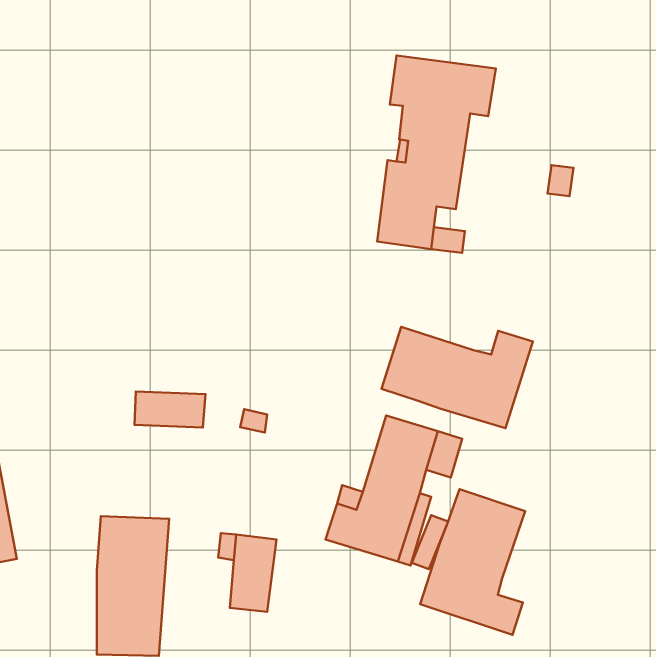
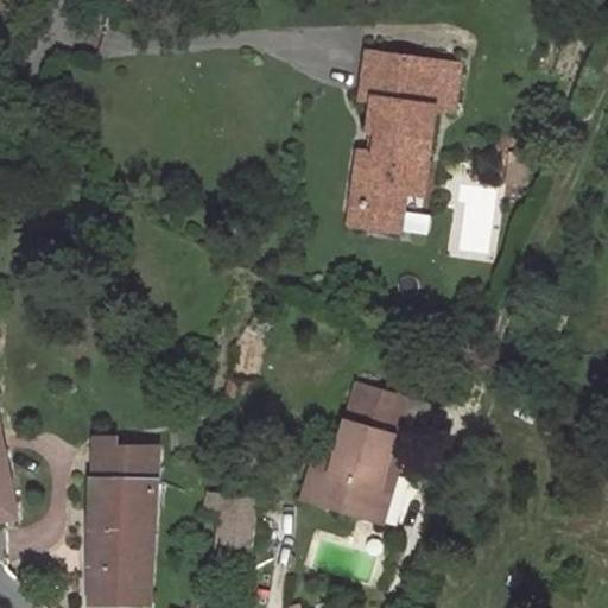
building: [382,327,533,428] -> none
building: [134,391,205,428] -> [93,444,158,477]
building: [420,489,525,635] -> none

